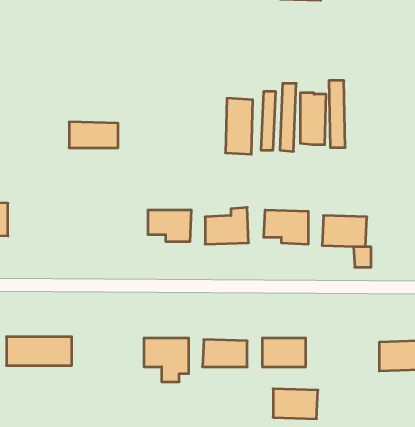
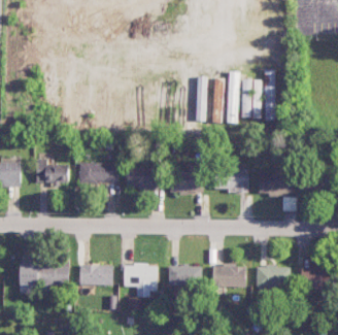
building: [69,122,118,148] -> [79,162,116,181]
building: none -> [36,159,69,183]
building: none -> [79,264,113,286]
building: [273,389,318,419] -> [257,265,291,288]

